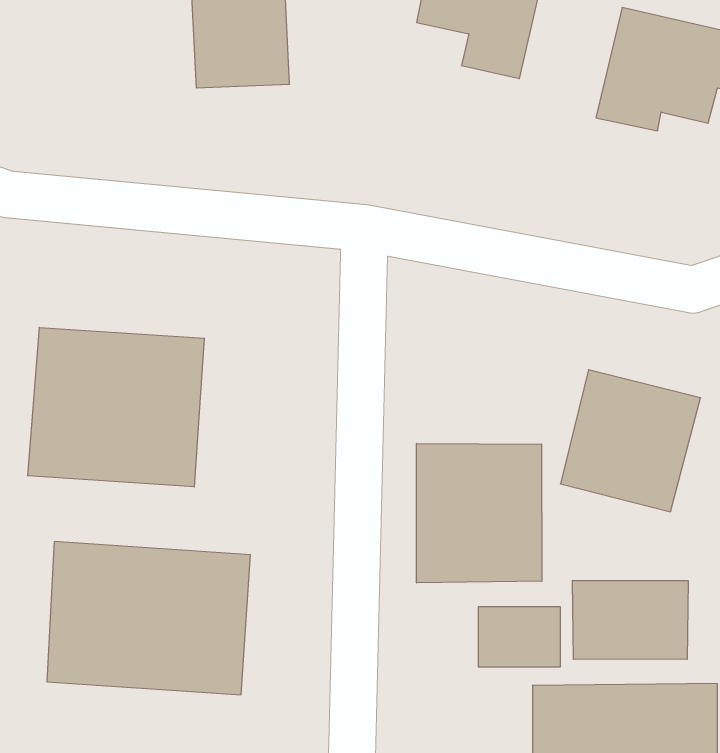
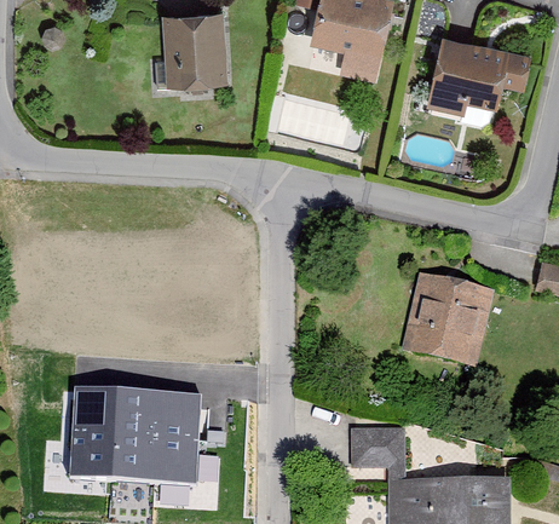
building: [28,327,204,487] -> none
building: [417,443,542,583] -> none
building: [572,581,688,659] -> none

